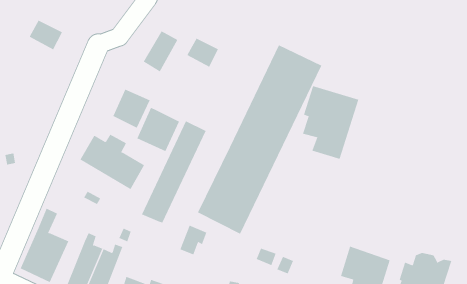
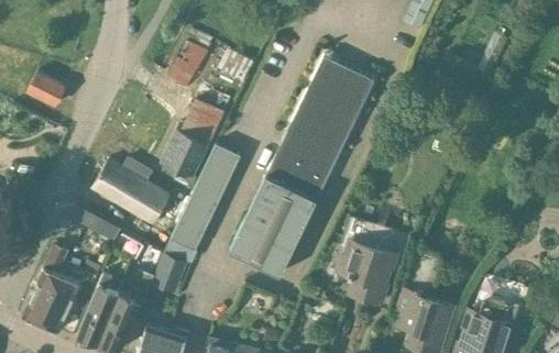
building: [29,20,63,50] -> [28,71,67,107]
building: [302,85,359,159] -> [341,217,407,302]
building: [112,89,150,129] -> [182,98,226,144]
building: [180,225,207,255] -> [154,252,186,287]

